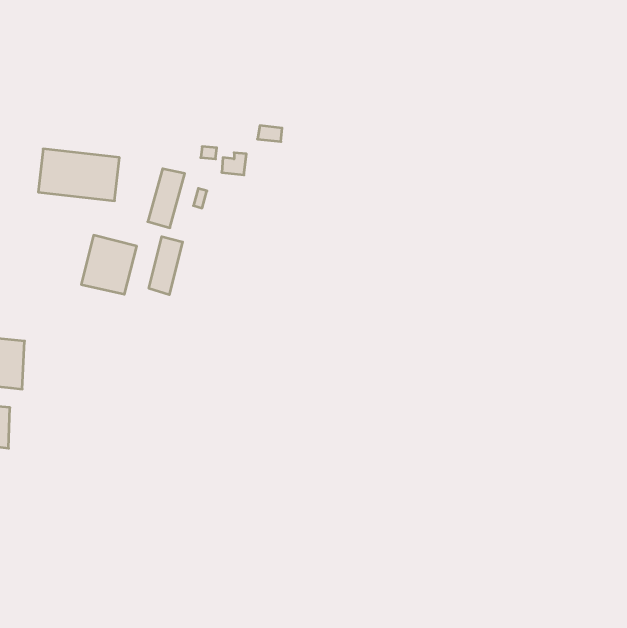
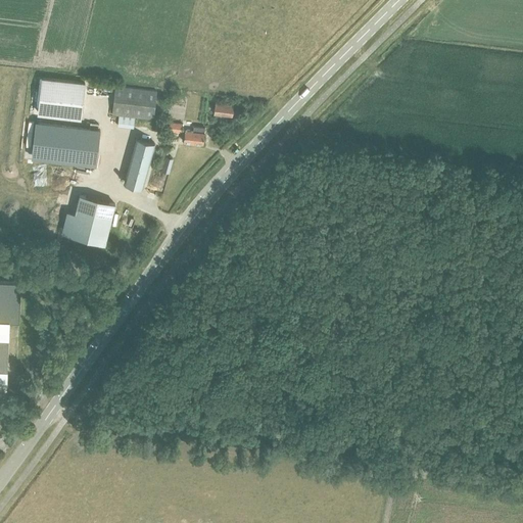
building: none -> [38,79,83,121]
building: none -> [111,88,156,129]
building: [149,237,183,295] -> none

